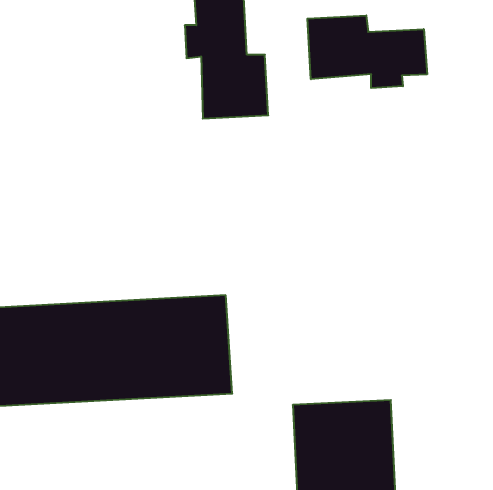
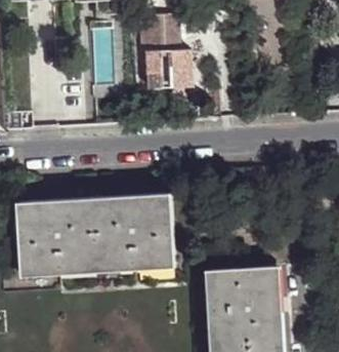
building: [307,15,427,88] -> none

